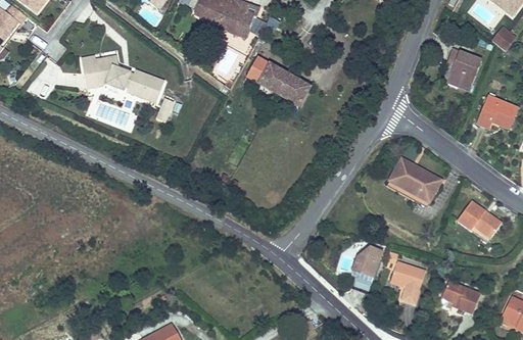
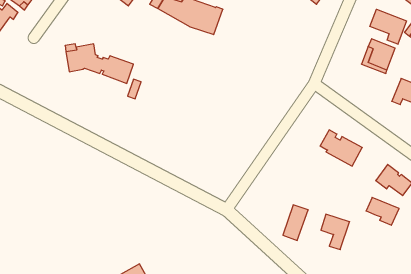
building: none -> [370,9,407,44]
building: [246,58,310,106] -> none
building: [442,280,482,313] -> [366,197,399,225]

